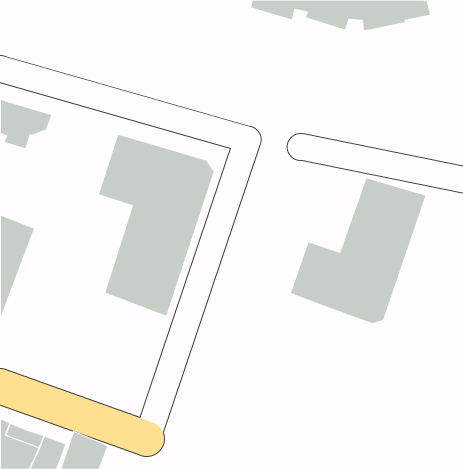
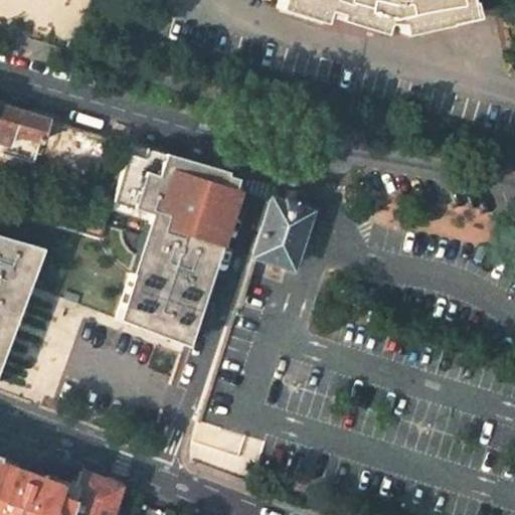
building: none -> [255,193,313,269]
building: [290,178,426,324] -> none

